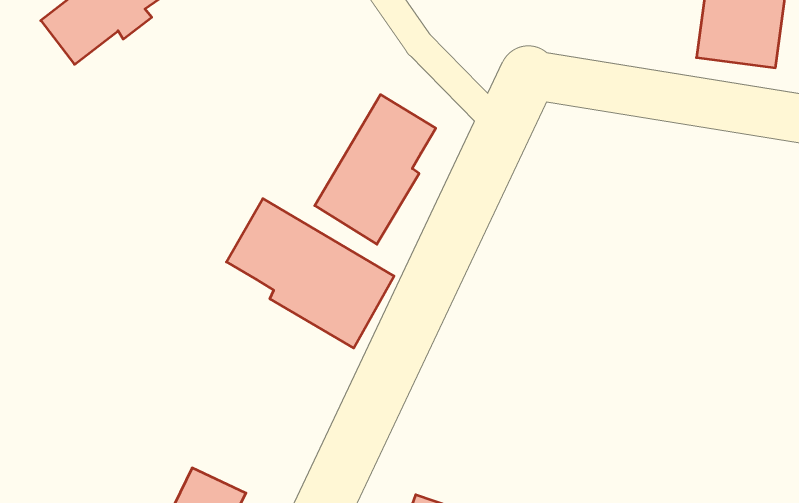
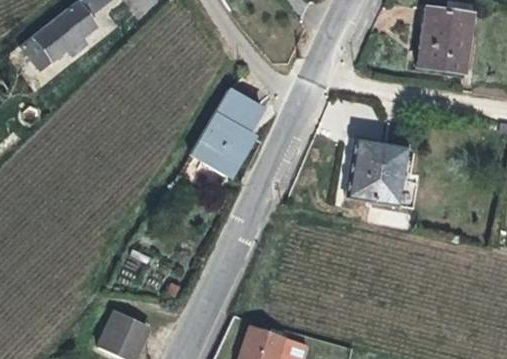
building: none -> [347,138,407,205]
building: [226,199,394,348] -> none

